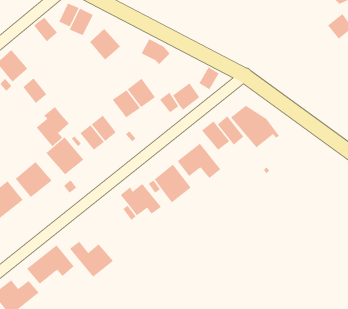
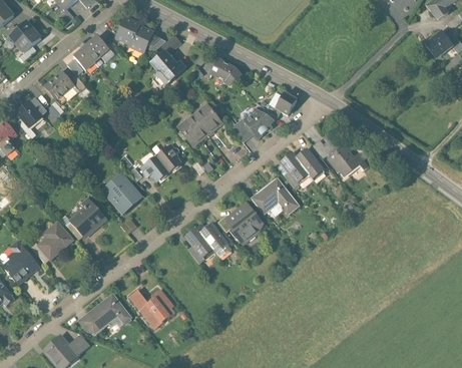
building: [23,78,47,104] -> [72,41,100,71]
building: [36,106,70,147] -> none

